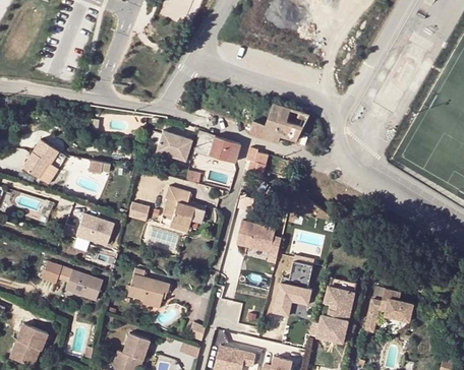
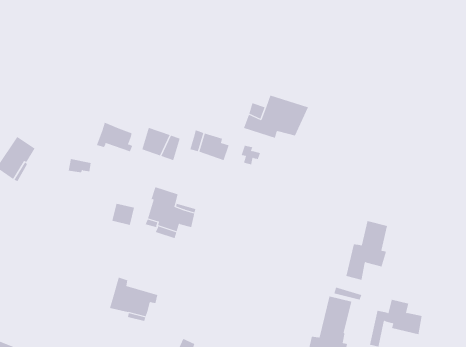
building: none -> [96,122,133,152]
building: [73,214,115,252] -> none
building: [237,222,281,254] -> none
building: [42,261,103,301] -> none
building: [275,262,313,317] -> [345,220,388,281]

